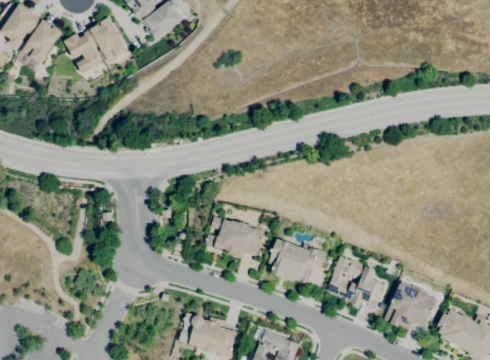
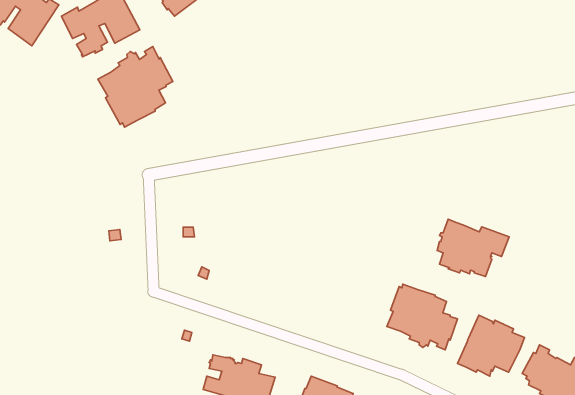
building: none -> [98,46,173,127]
building: [206,216,266,259] -> none
building: [269,238,327,284] -> [437,219,509,276]

